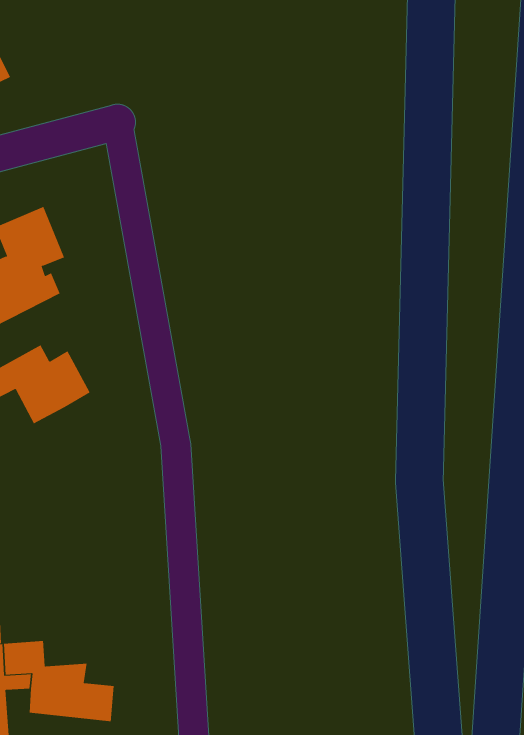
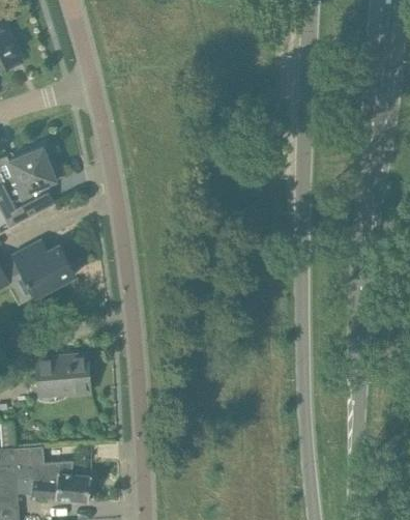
building: none -> [34,354,89,398]

